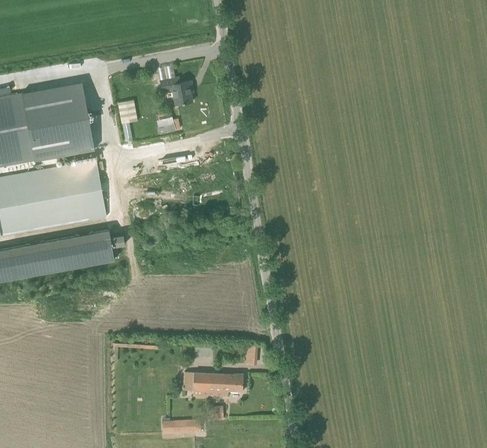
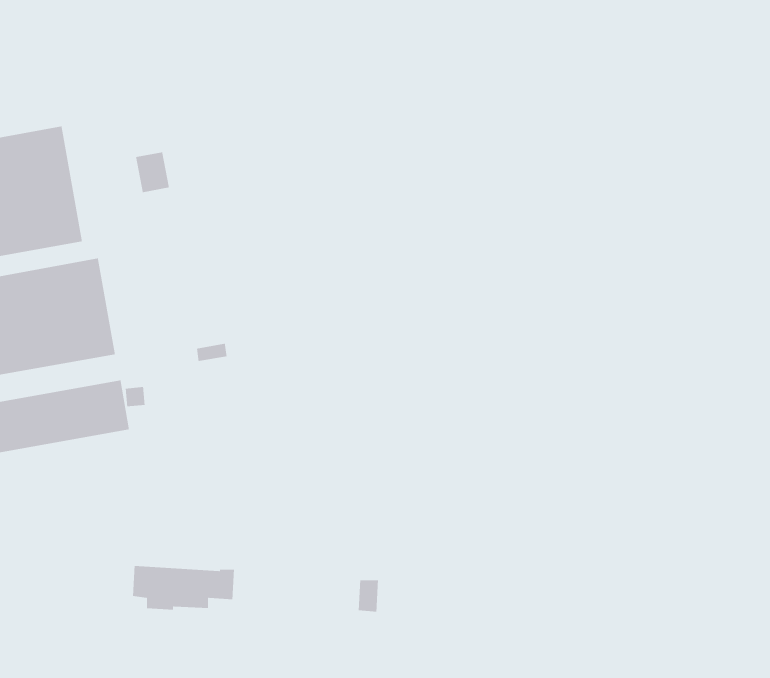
building: [160,77,192,105] -> none
building: [184,371,243,397] -> [132,565,235,611]

